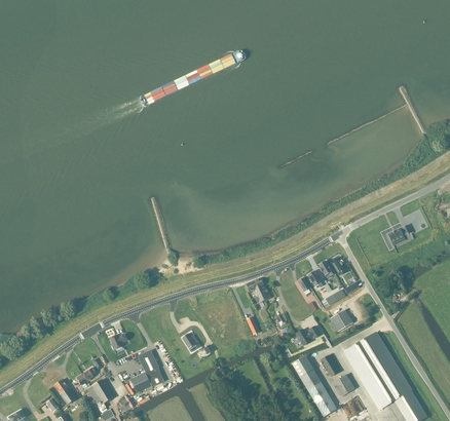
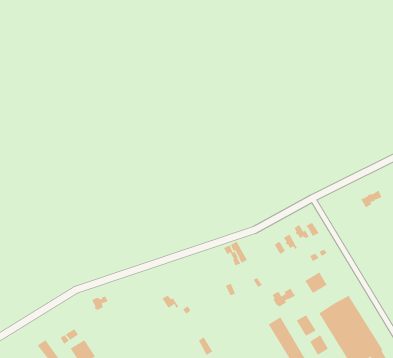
building: [130,351,164,392] -> none

